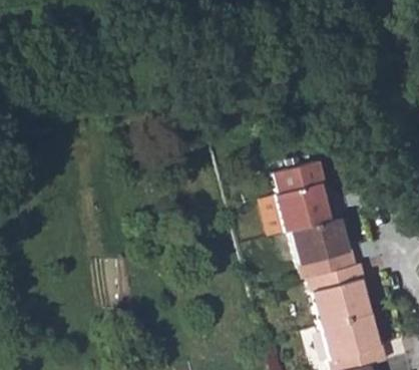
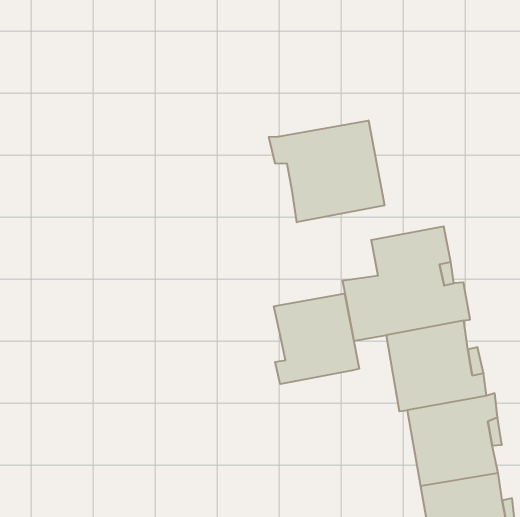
building: none -> [269,120,384,222]
building: none -> [274,293,359,384]

